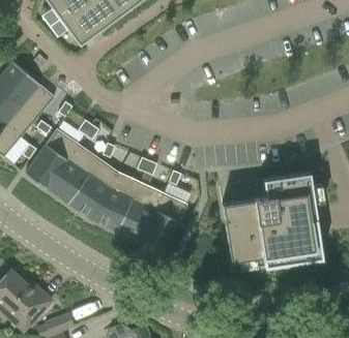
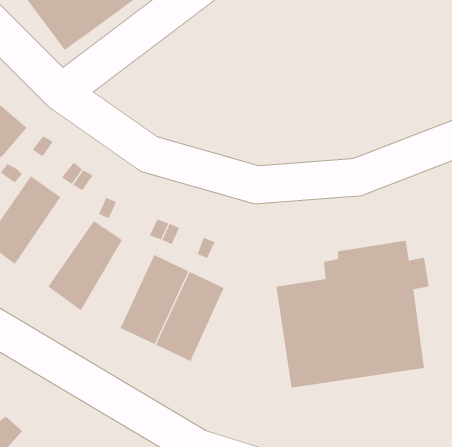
building: [47,143,99,203] -> none
building: [91,172,140,231] -> none

